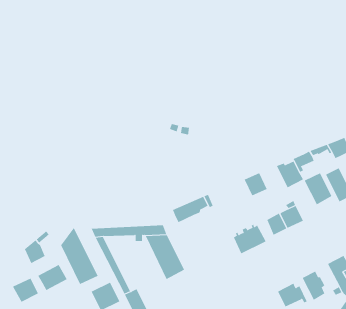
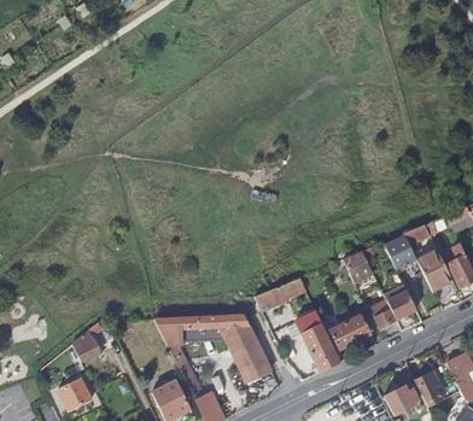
building: none -> [294,310,340,372]
building: [61,227,98,285] -> none
building: [37,264,68,291] -> none

